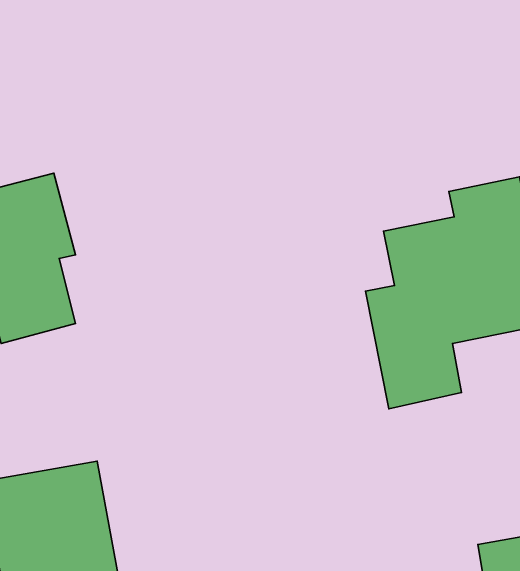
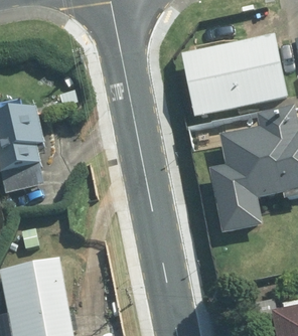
building: none -> [180,30,288,113]

